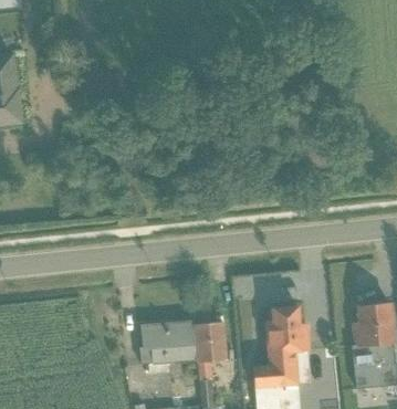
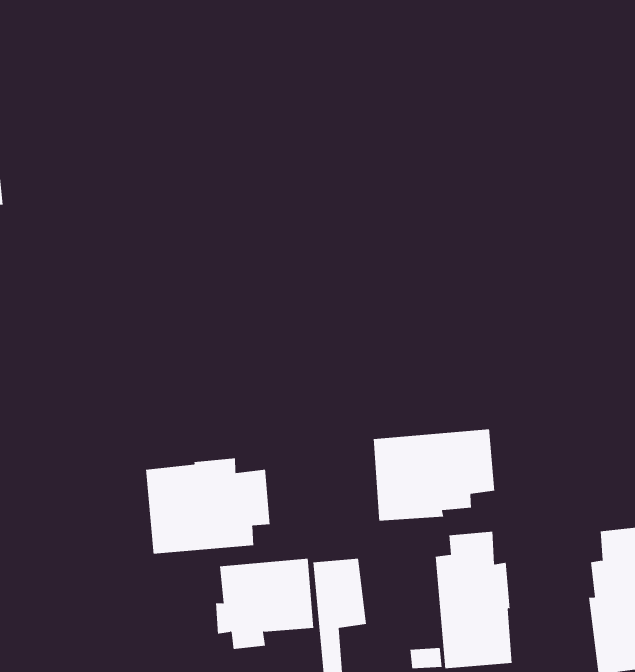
building: none -> [373,429,495,522]
building: none -> [146,458,270,555]

